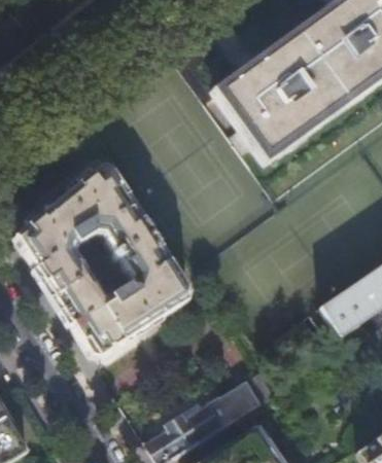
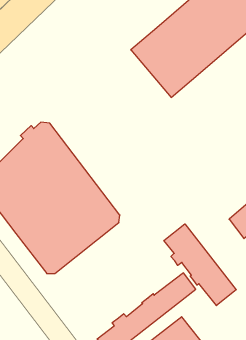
building: none -> [164,224,236,306]

